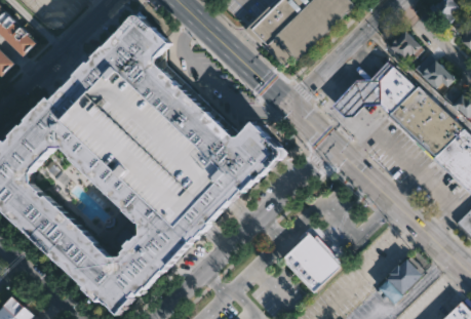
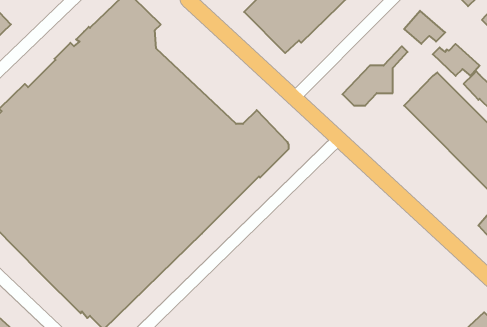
building: [378,67,414,114] -> none
building: [281,233,341,292] -> none
building: [379,258,421,303] -> none

